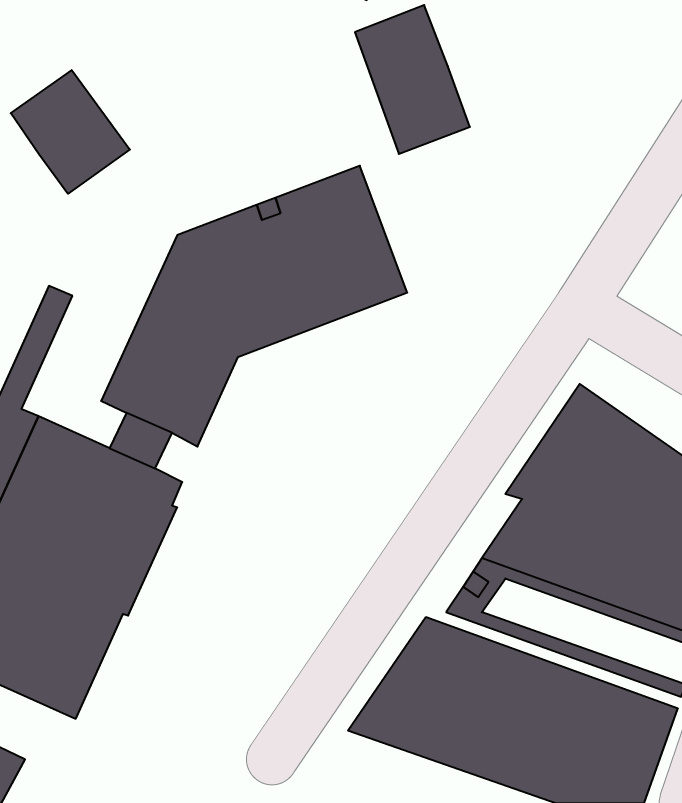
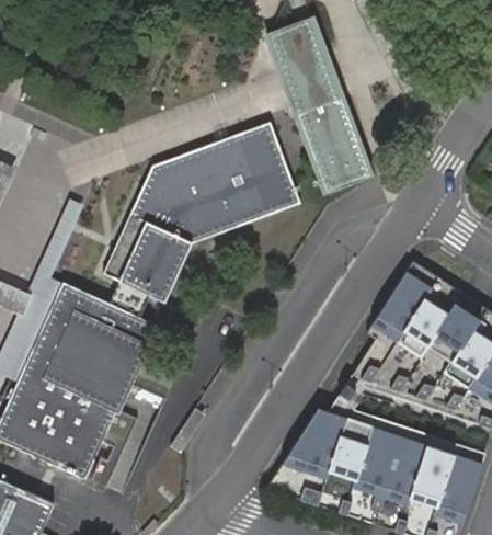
building: [11,70,130,194] -> none
building: none -> [296,95,371,193]

